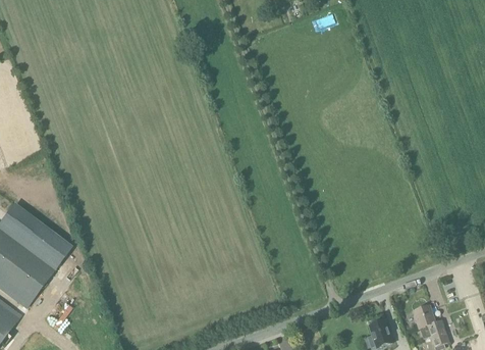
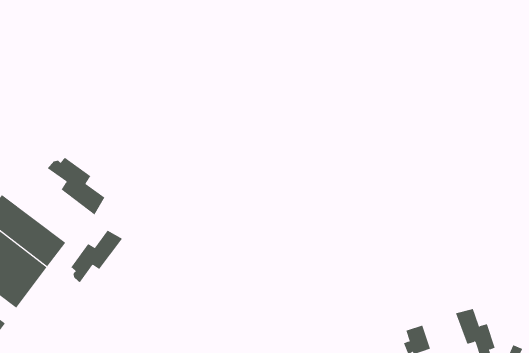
building: none -> [47,157,105,216]
building: none -> [70,230,123,283]

